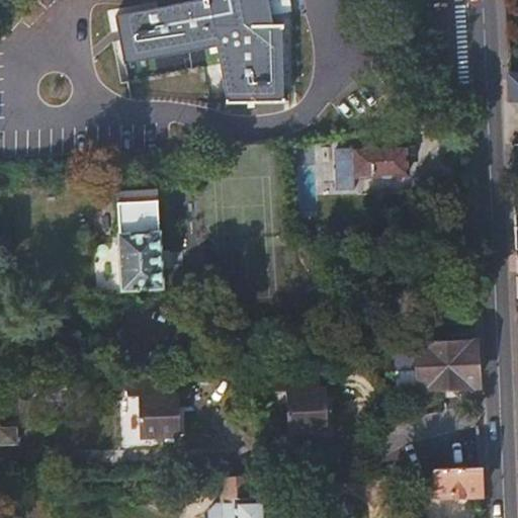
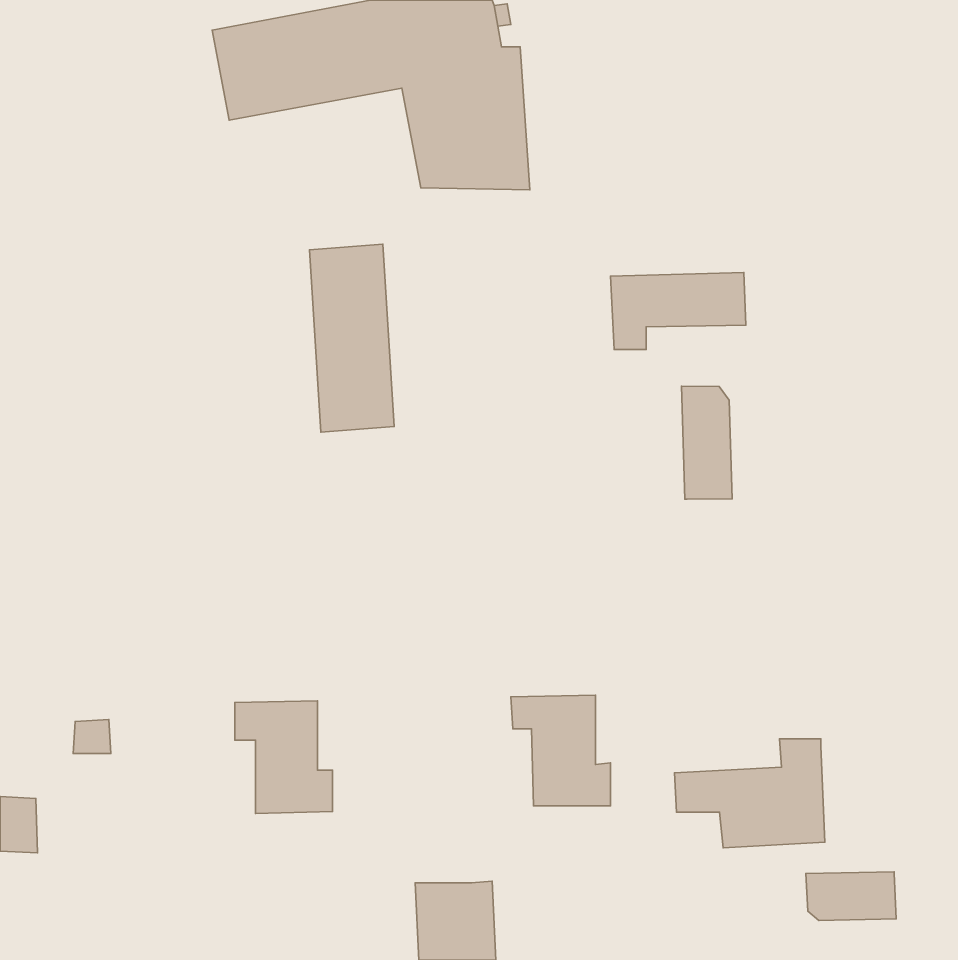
building: [118,189,164,290] -> [310,244,394,432]
building: none -> [681,386,732,499]
building: [397,330,478,388] -> [674,739,825,848]

